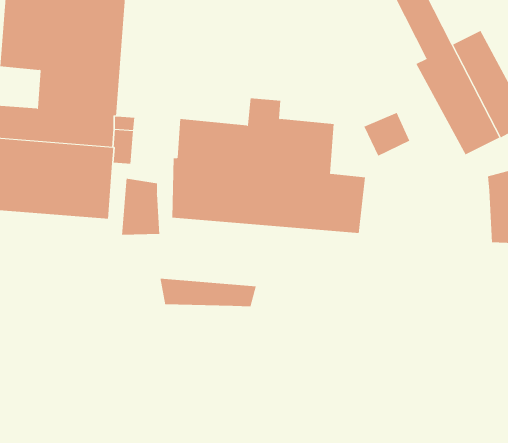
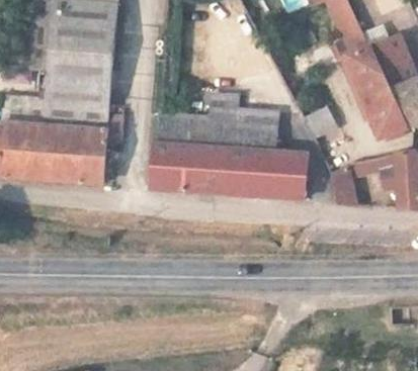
building: none -> [333,154,398,202]
building: [121,178,160,236] -> none
building: [160,278,256,307] -> none

